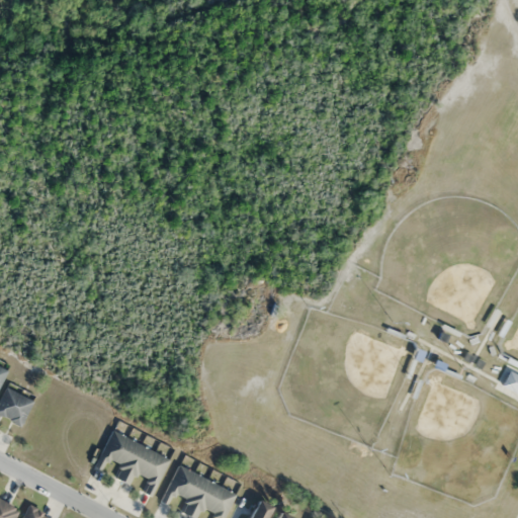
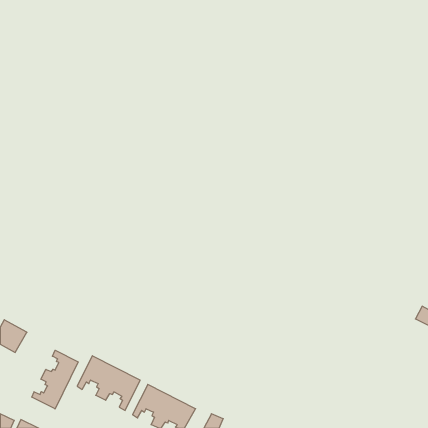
building: none -> [32,350,78,409]

